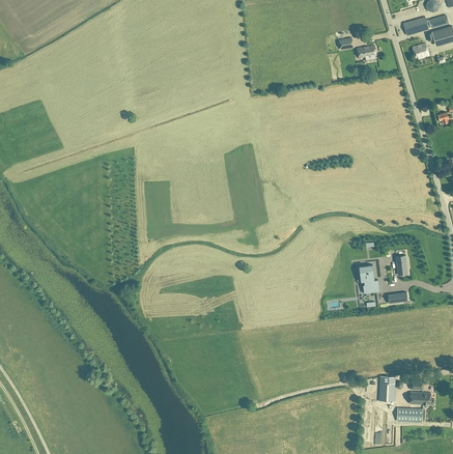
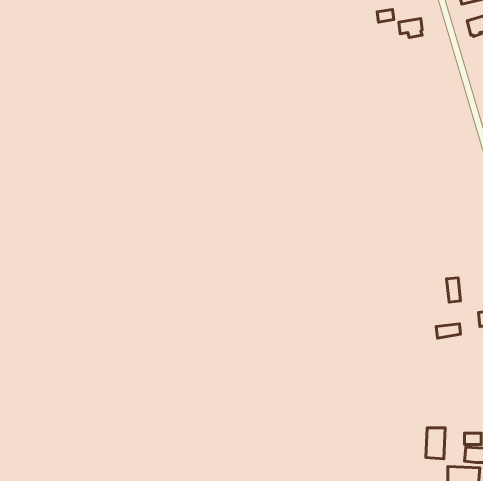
building: [359,263,378,292] -> none

